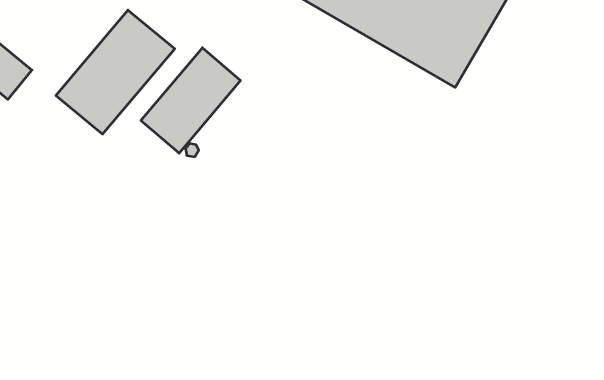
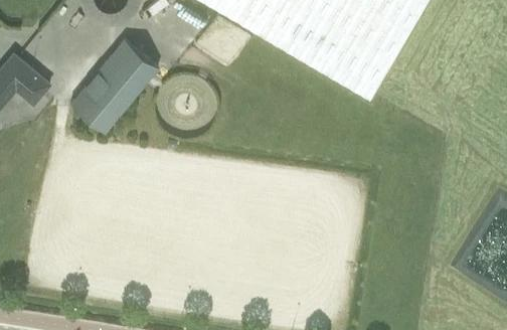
building: [141,48,240,153] -> none

